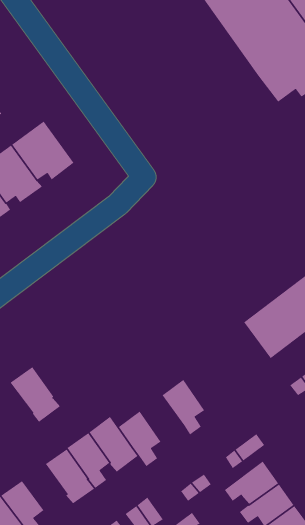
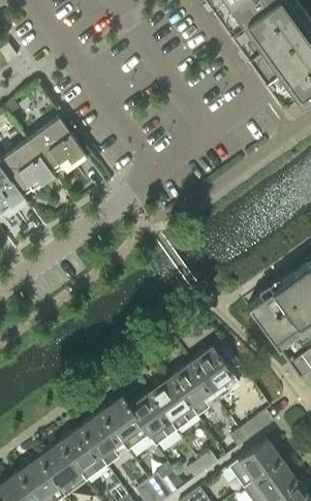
building: none -> [192,345,241,399]
building: [10,366,61,423] -> [39,441,88,495]
building: none -> [151,376,198,430]

